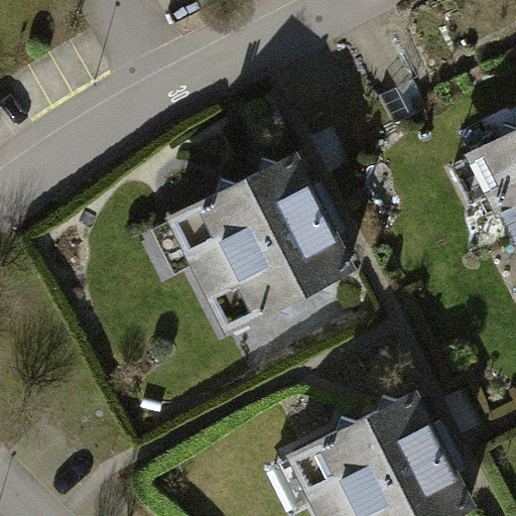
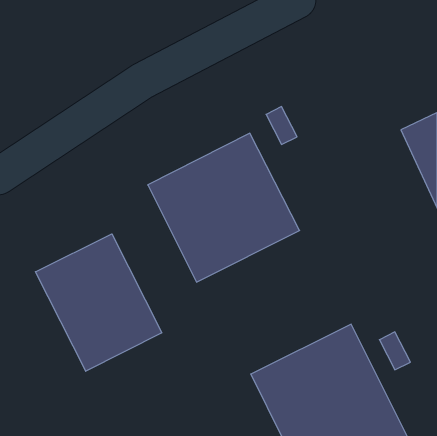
building: none -> [35,234,162,371]

